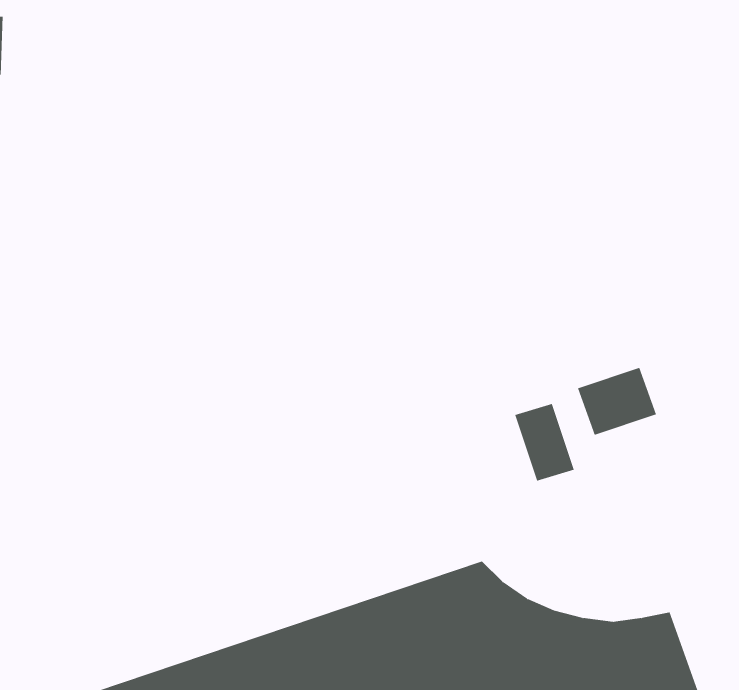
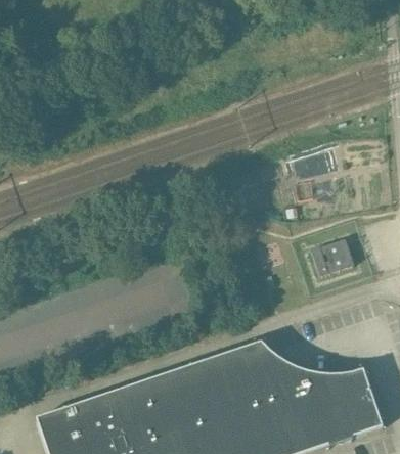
building: [515,403,575,481] -> none

